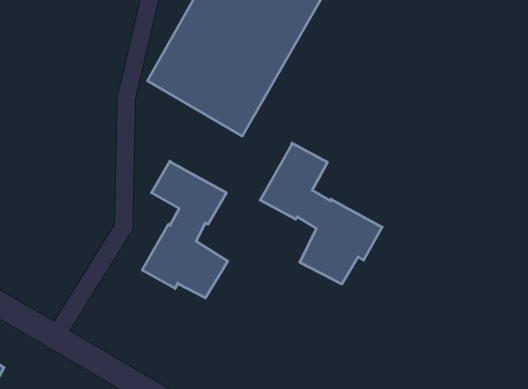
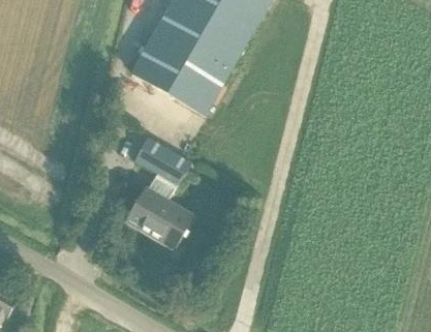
building: [260,143,382,284] -> none

